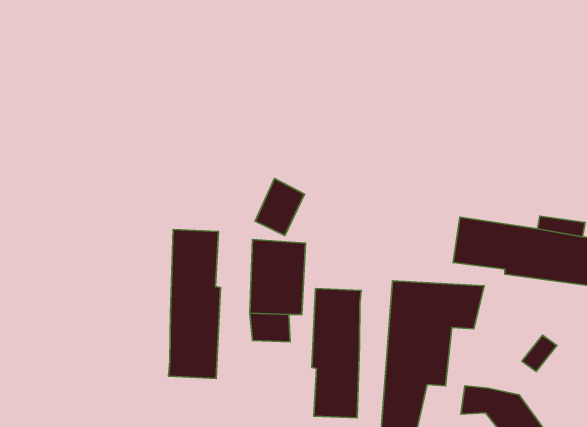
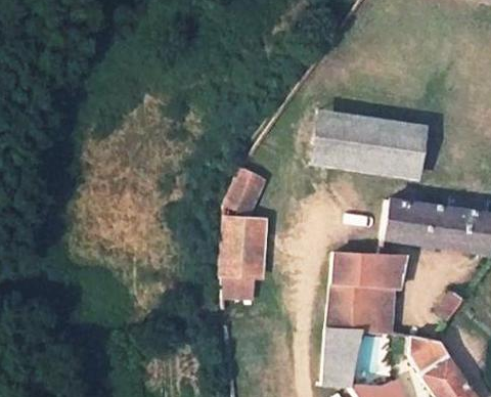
building: none -> [308,111,428,179]
building: [168,230,220,379] -> none
building: [312,288,361,418] -> none

